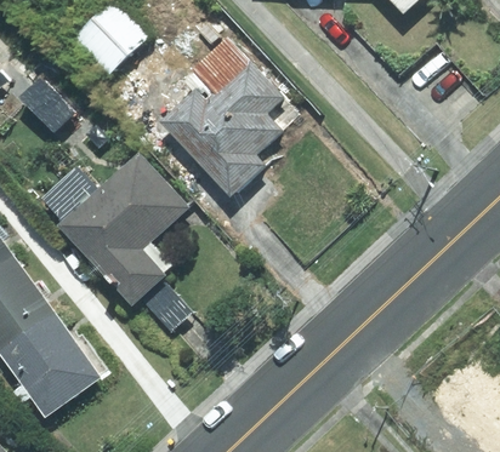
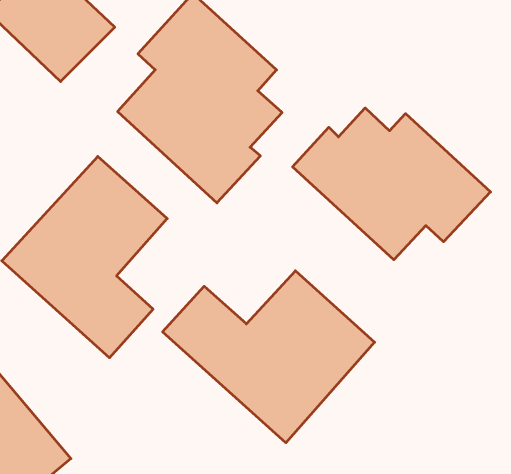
building: none -> [293,108,491,260]
building: none -> [163,271,375,443]

